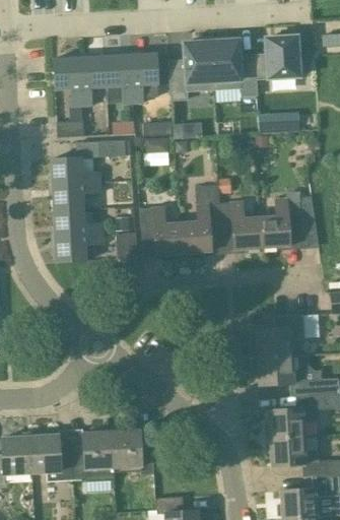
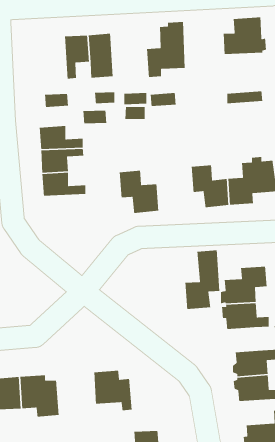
building: [211,40,257,100] -> none
building: [130,53,159,103] -> none
building: [53,57,81,107] -> none
building: [182,185,221,252] -> [185,249,220,310]
building: [116,232,137,258] -> none
building: [55,234,104,262] -> none
building: [70,431,113,479] -> none

